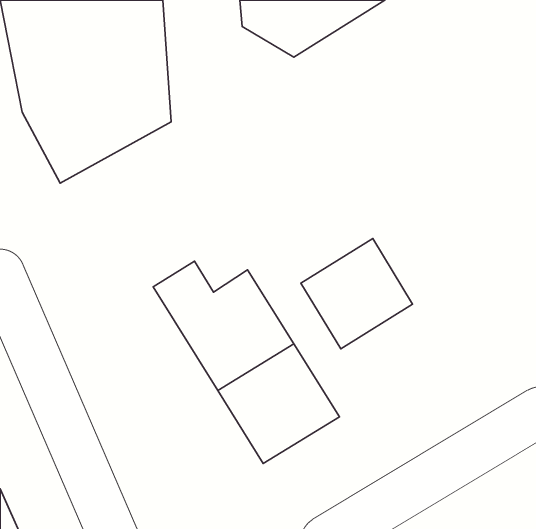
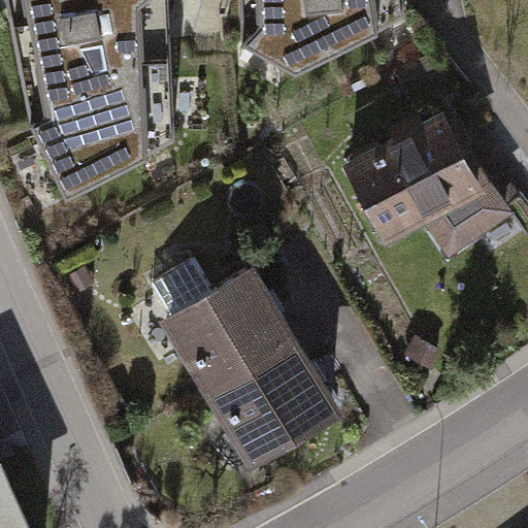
building: none -> [354,125,506,257]
building: [301,239,413,349] -> none

